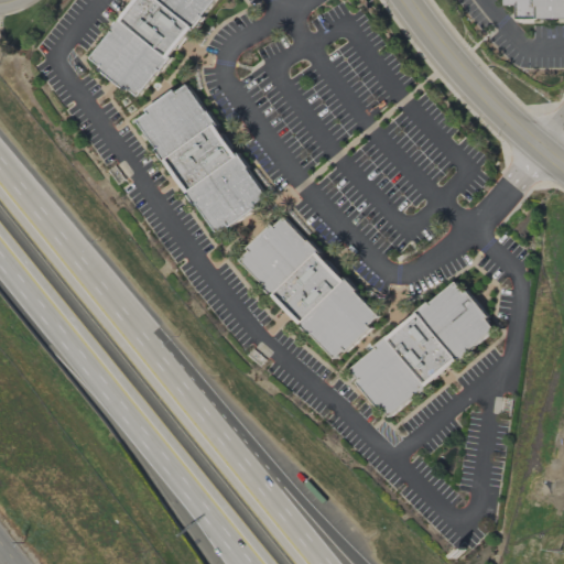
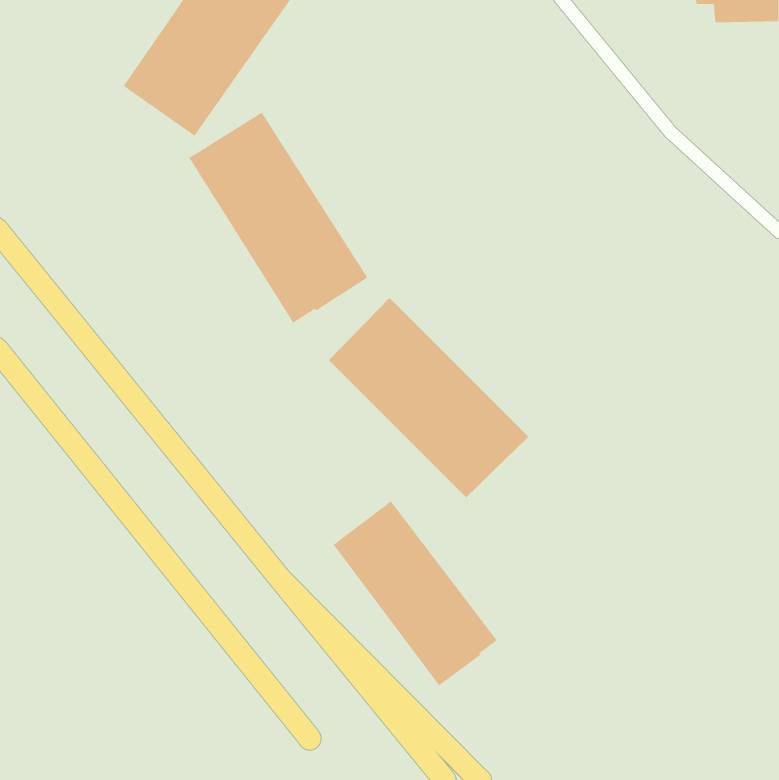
building: [345,280,496,413] -> none
building: none -> [333,500,497,686]

